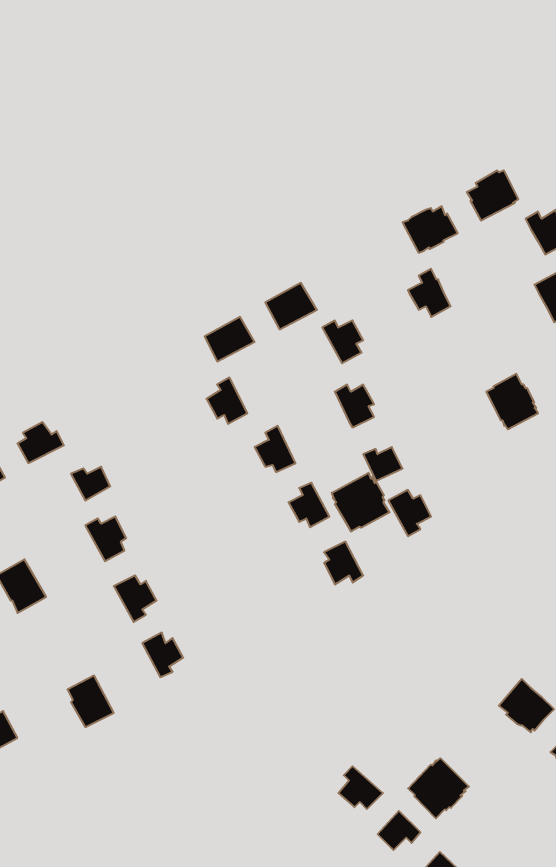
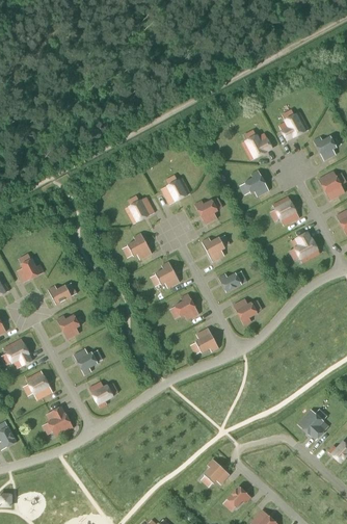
building: none -> [272,197,299,227]
building: [332,473,389,532] -> none
building: none -> [26,371,53,401]
building: [408,758,469,818] -> none

